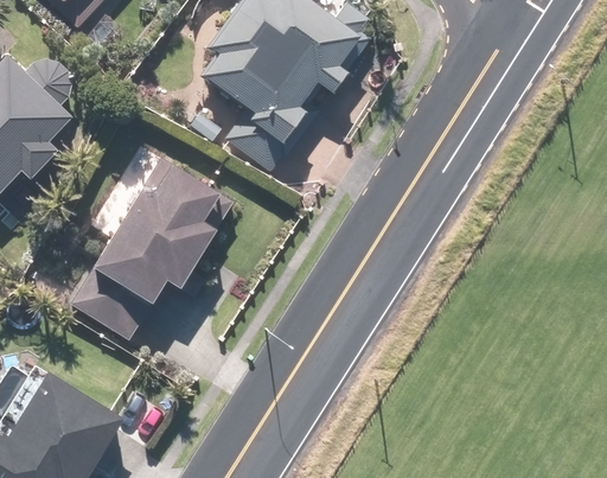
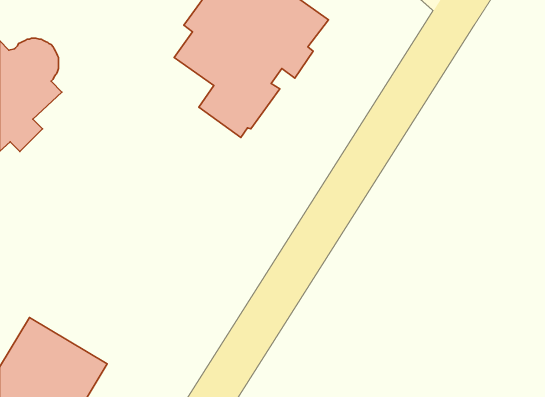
building: [71,147,216,338] -> none

